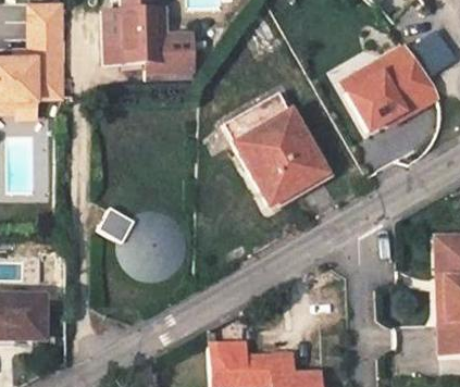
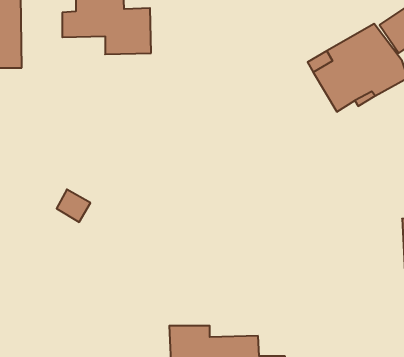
building: [222,92,320,204] -> none

